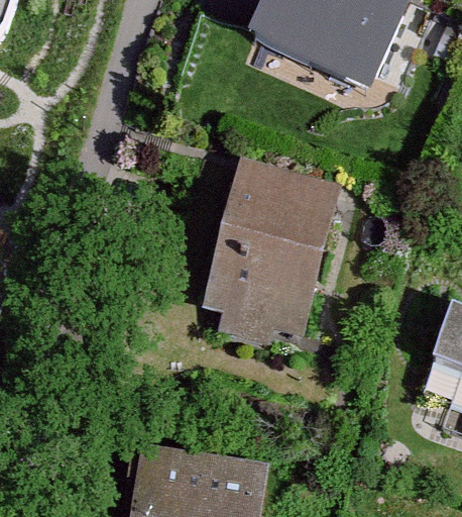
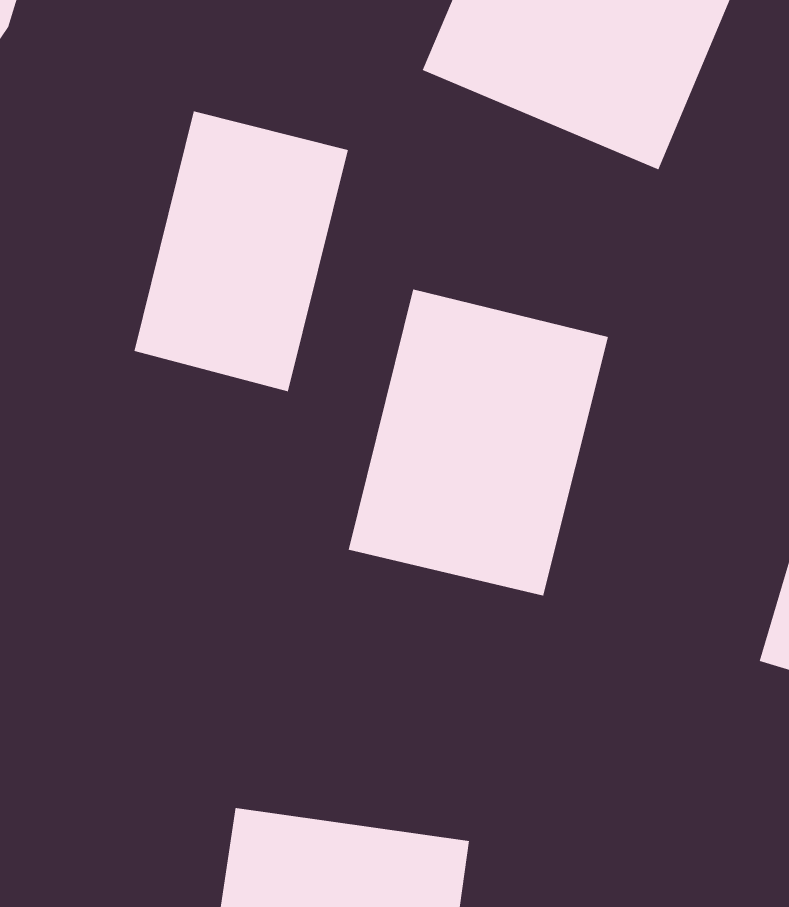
building: none -> [134,111,348,392]

